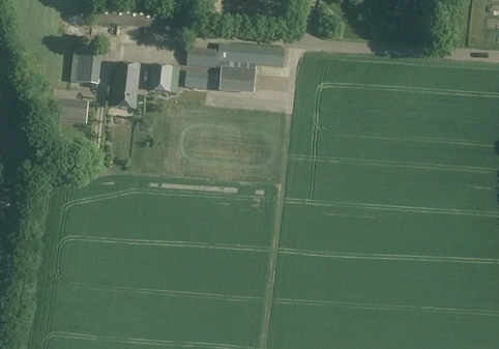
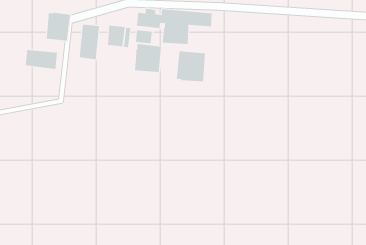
building: none -> [134,43,162,73]
building: none -> [176,51,205,82]

